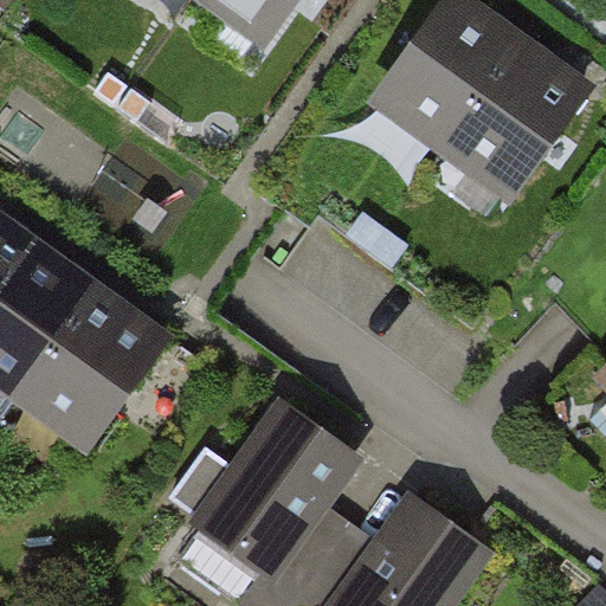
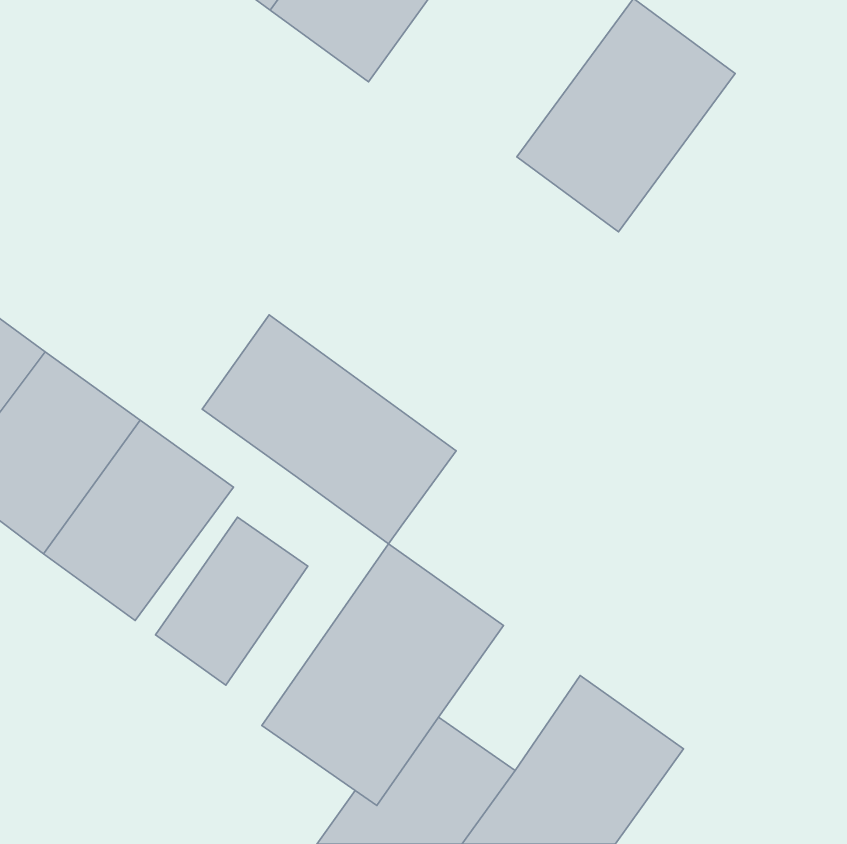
building: [439,52,591,214] -> none
building: none -> [202,315,456,544]
building: none -> [155,517,308,685]

